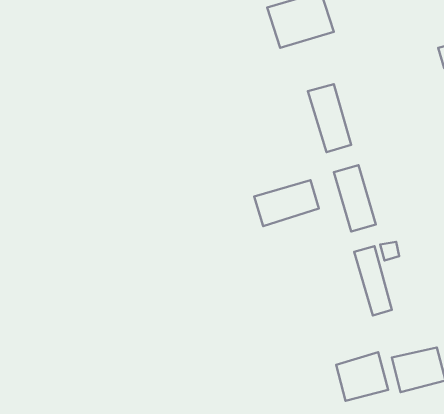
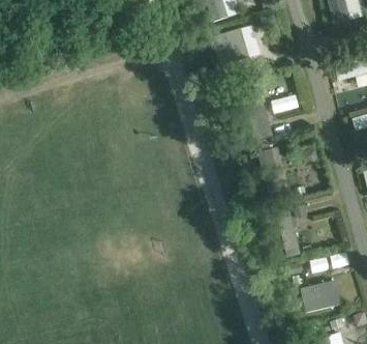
building: [254,180,319,226] -> none
building: [336,352,388,401] -> none

